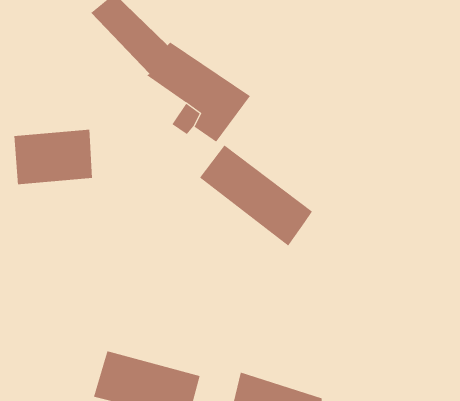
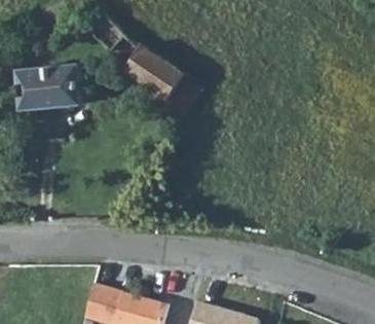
building: [13,129,93,185] -> [17,65,79,108]
building: [199,145,313,247] -> none

